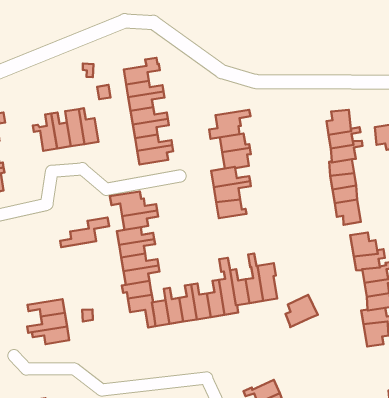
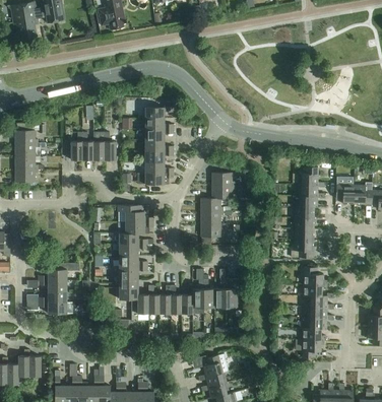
building: [209,110,250,139] -> none
building: [60,218,109,247] -> [39,263,79,280]
building: [286,295,318,327] -> [203,353,229,377]

